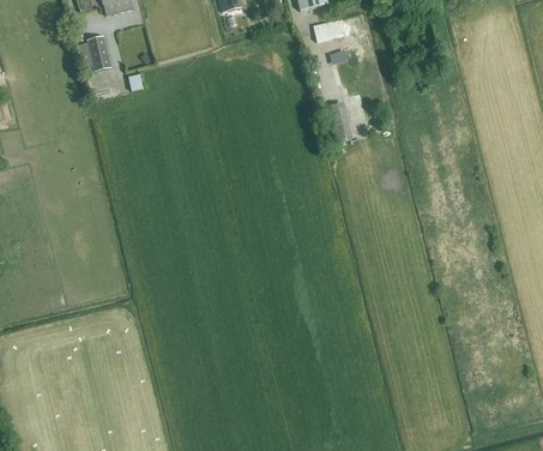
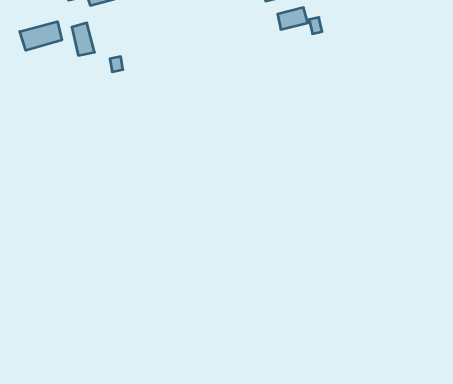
building: none -> [20,22,62,50]

